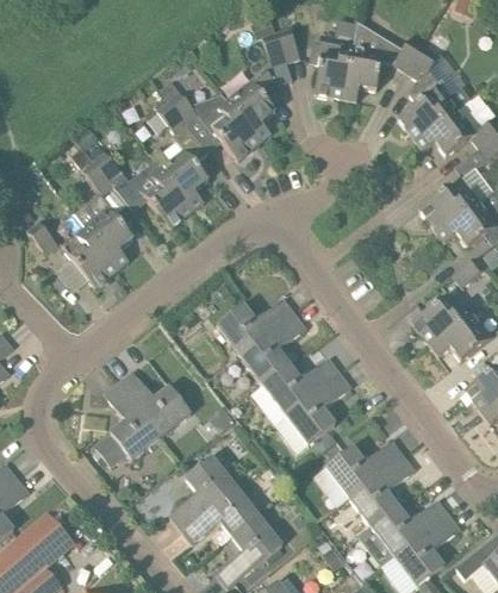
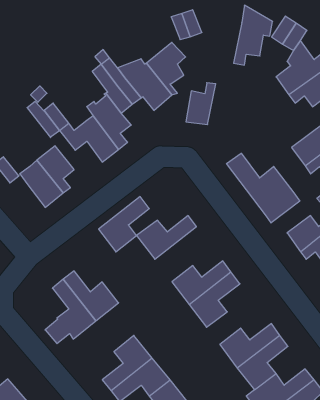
building: [315,43,354,98] -> [186,83,216,125]
building: none -> [227,153,300,223]
building: [239,312,306,385] -> [99,197,149,252]

